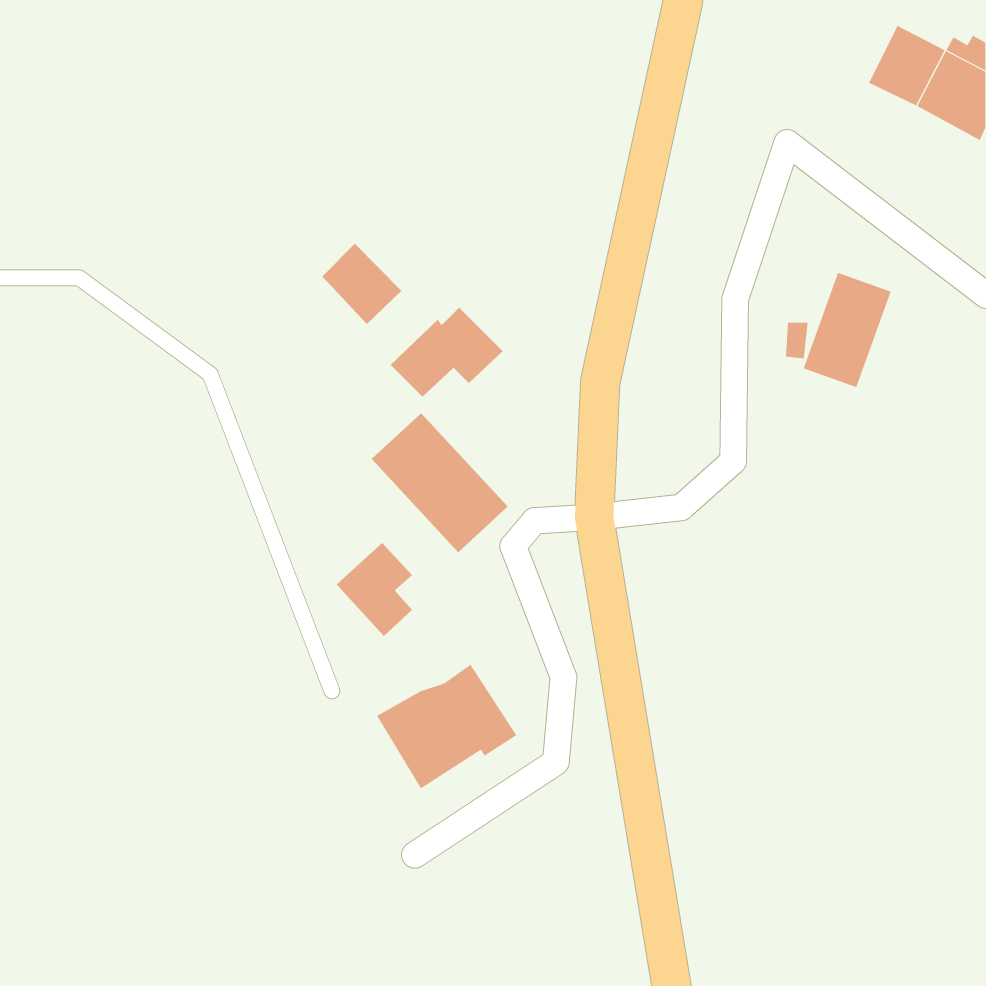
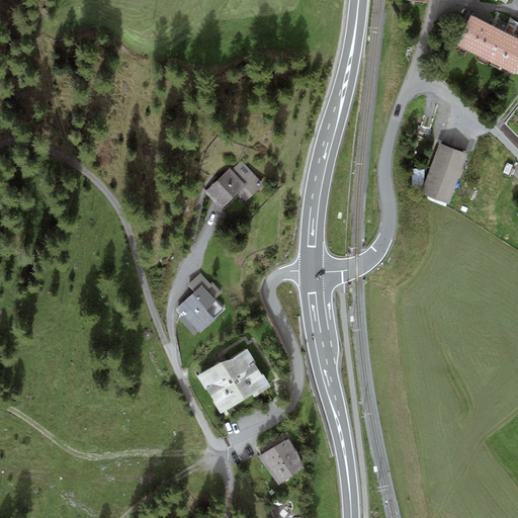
building: [321,243,402,325] -> none
building: [371,412,508,553] -> none
building: none -> [259,438,304,485]

